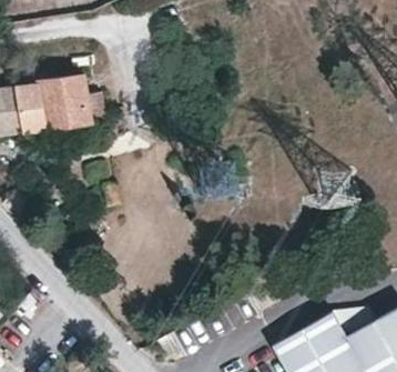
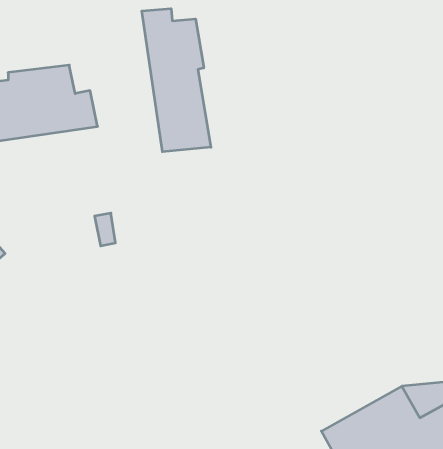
building: none -> [142,9,211,152]

